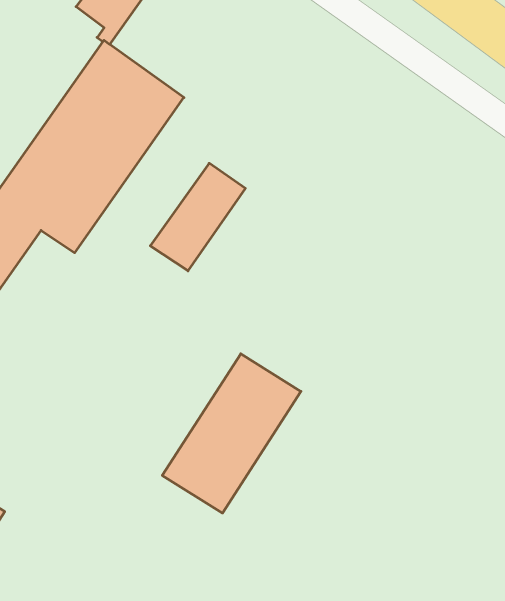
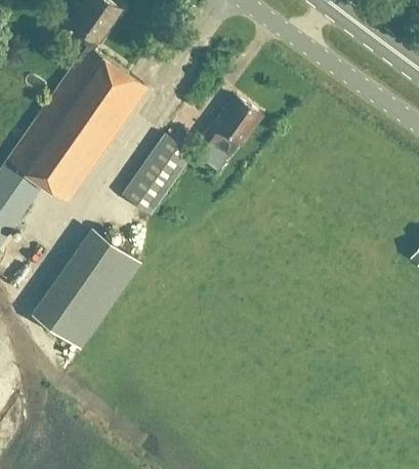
building: none -> [202,96,259,157]
building: [162,354,301,513] -> [39,226,140,343]

